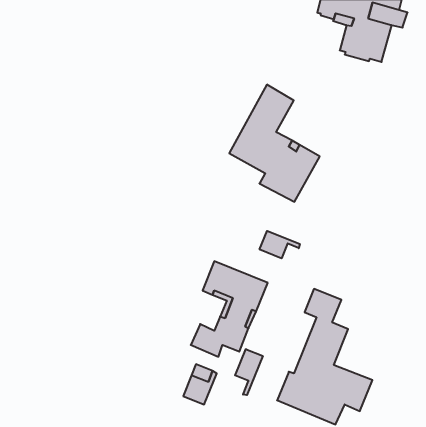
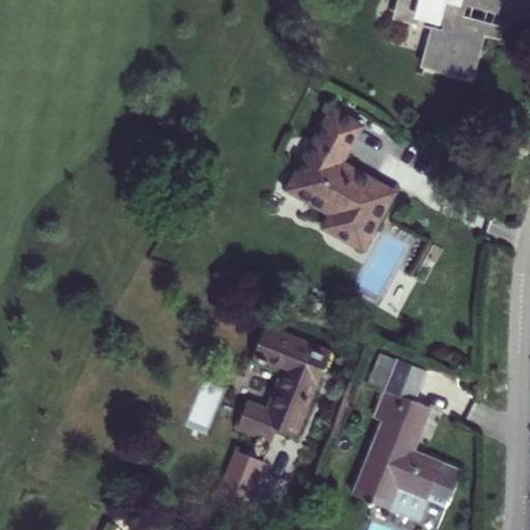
building: [260,231,300,258] -> none
building: [235,349,263,395] -> none

